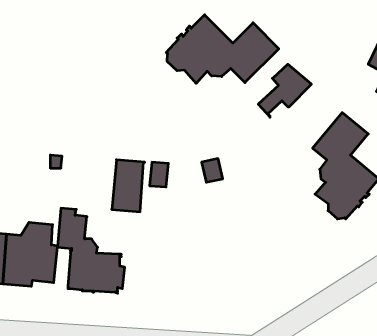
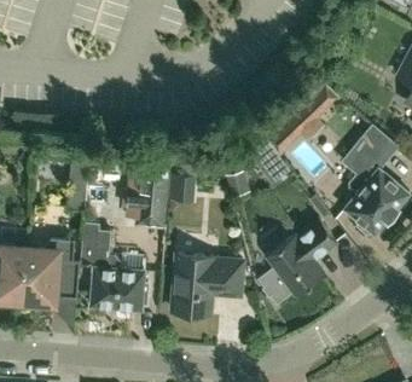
building: [166,15,279,83] -> none
building: none -> [259,219,337,302]
building: none -> [173,254,243,314]

